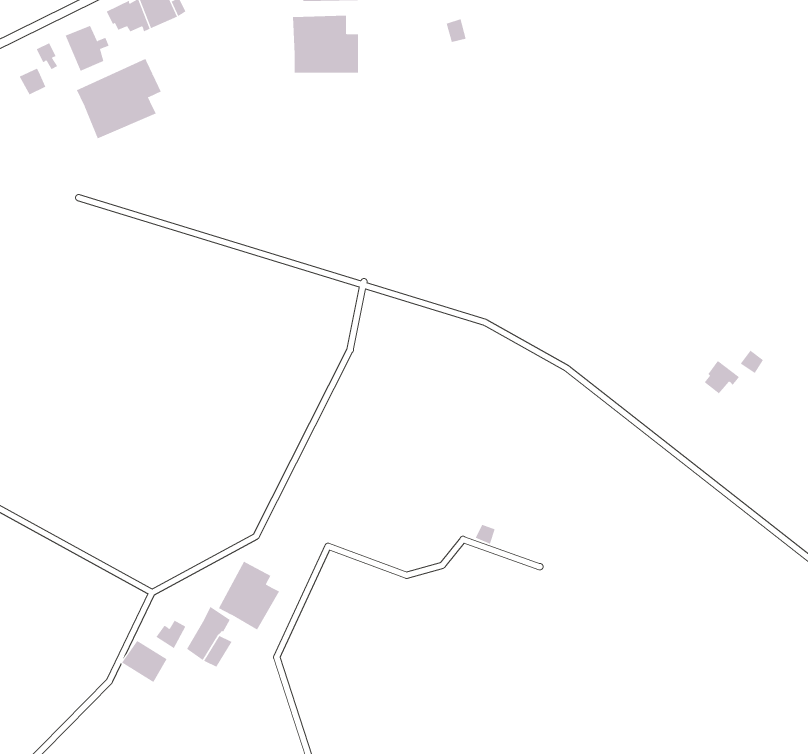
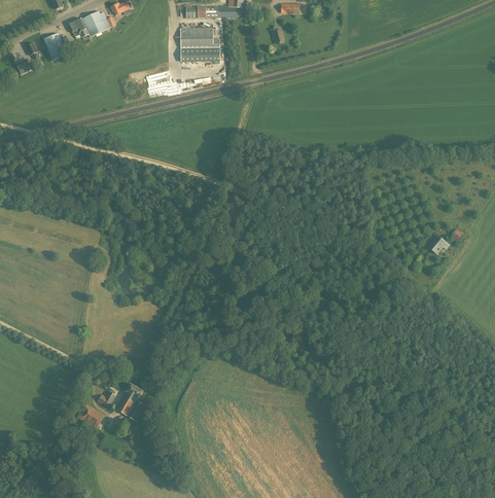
building: [76,58,161,139] -> none
building: [218,561,280,631] -> none

